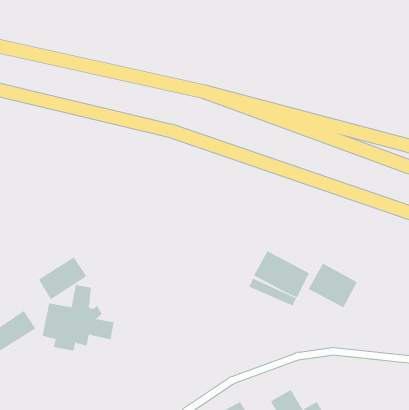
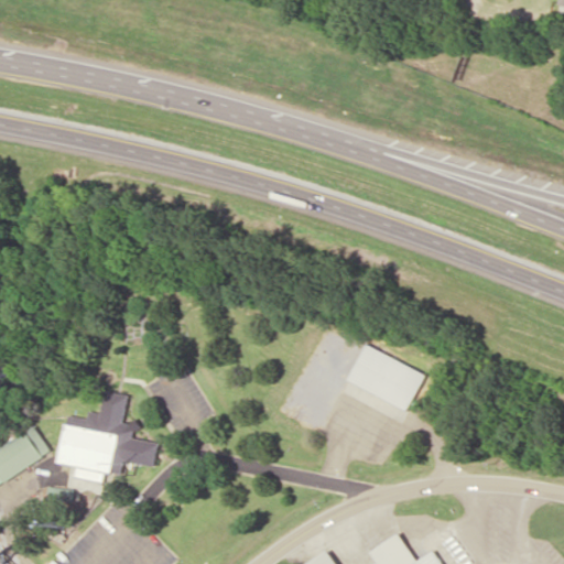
building: [38,256,87,300] -> none
building: [308,263,357,308] -> none

